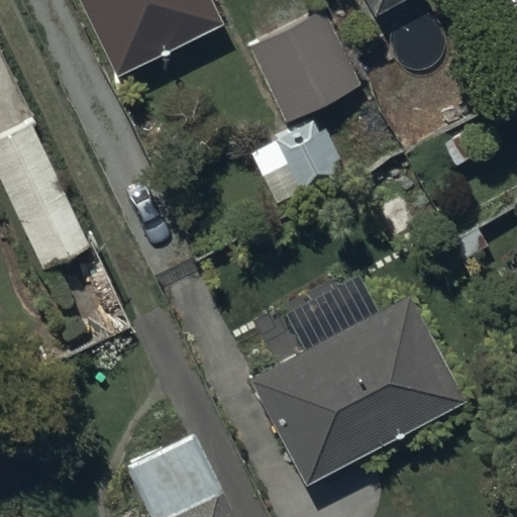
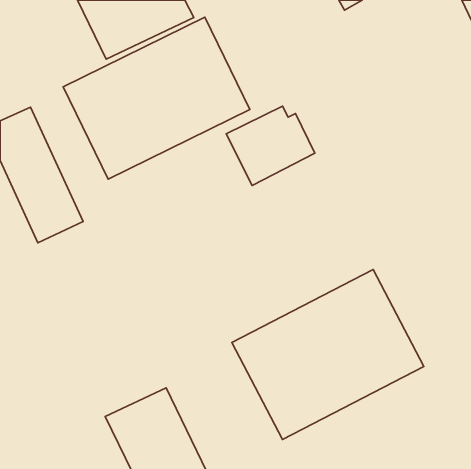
building: [254,15,353,114] -> none
building: none -> [63,17,250,179]

